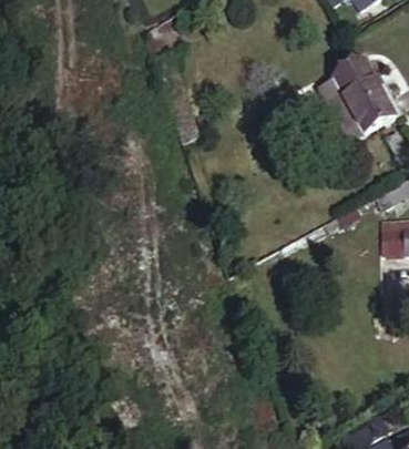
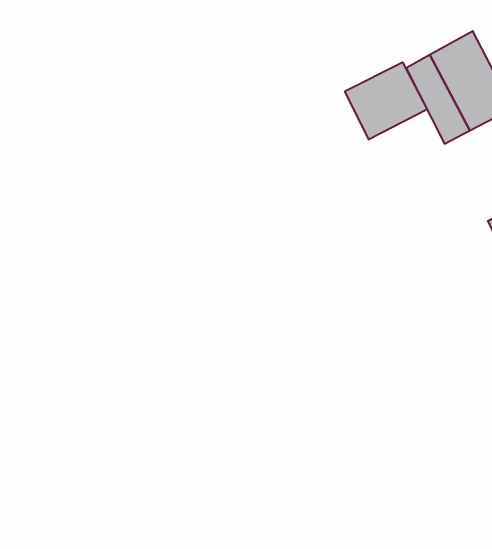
building: none -> [345,62,427,140]

